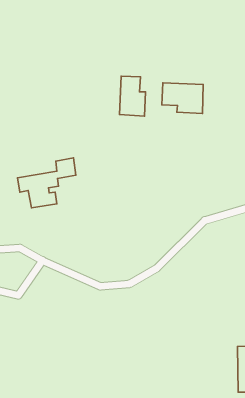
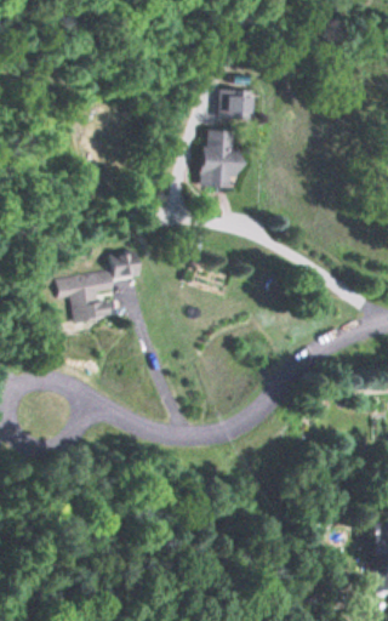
building: none -> [218,91,252,119]
building: [162,83,203,114] -> none

